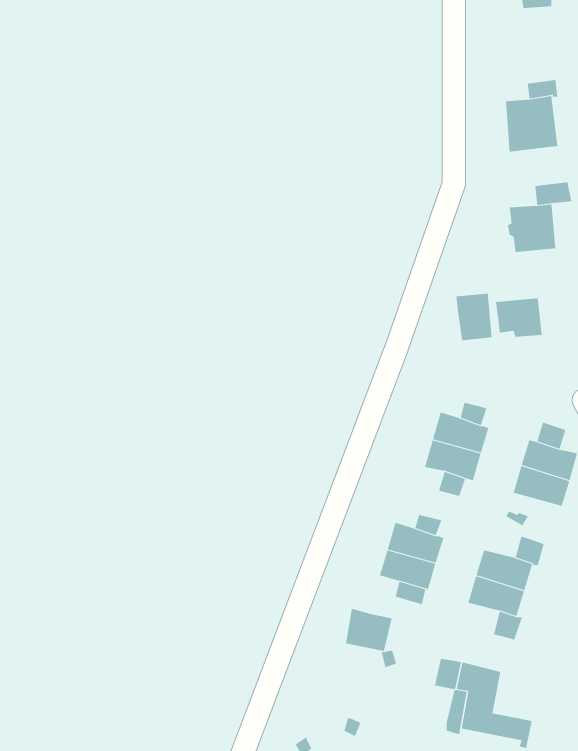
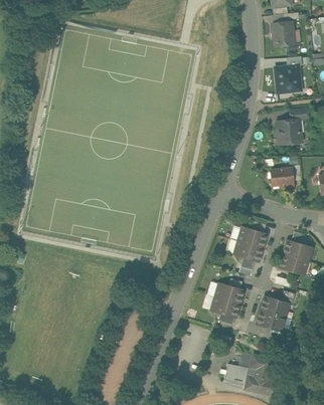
building: none -> [272,22,293,48]
building: [456,293,492,341] -> none
building: [345,608,392,652] -> [223,363,248,385]

